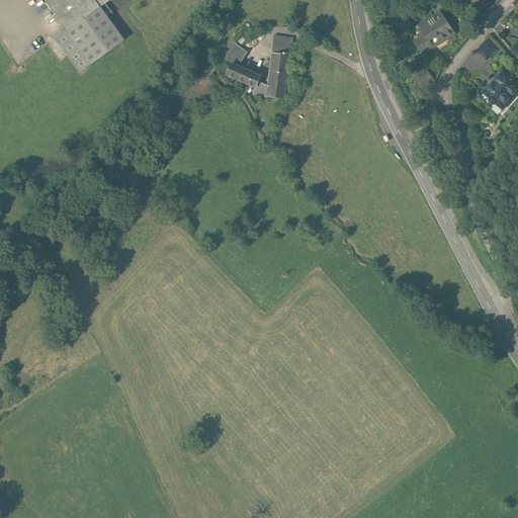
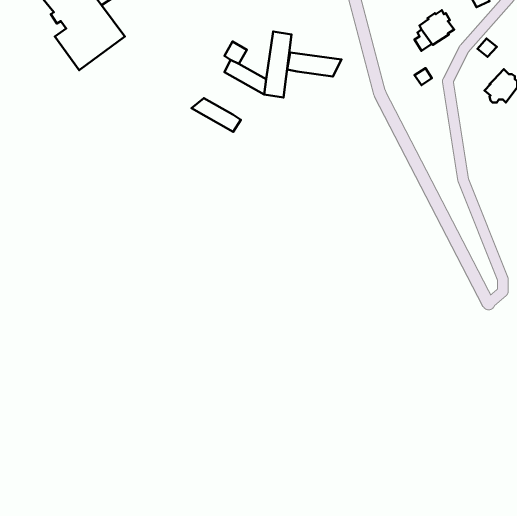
building: none -> [287,53,342,76]
building: none -> [191,98,241,132]

